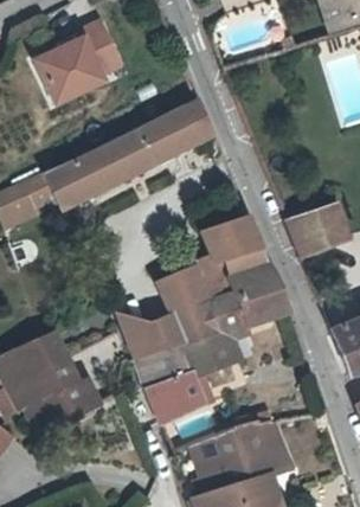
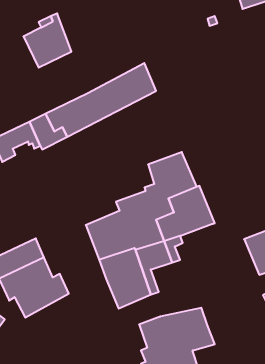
building: [82,21,122,82] -> none
building: [287,201,349,256] -> none

